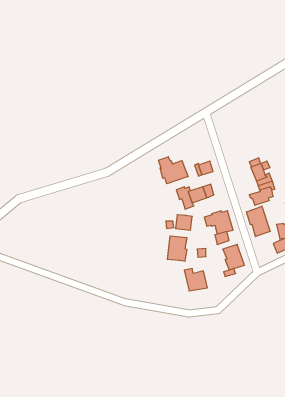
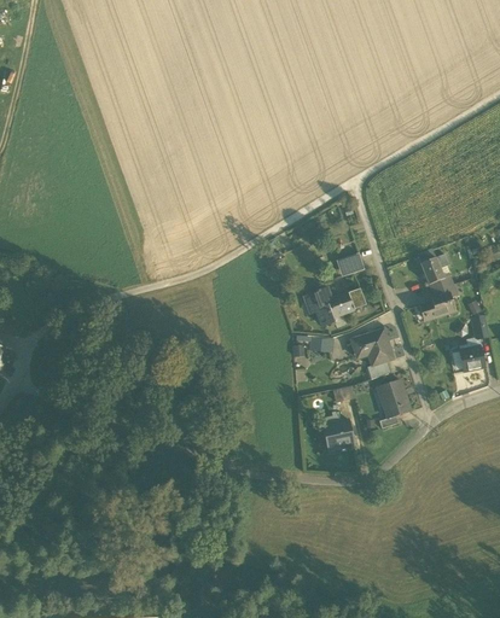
building: [159,157,188,184] -> none
building: [247,206,270,237] -> none
building: [168,236,187,261] -> none

